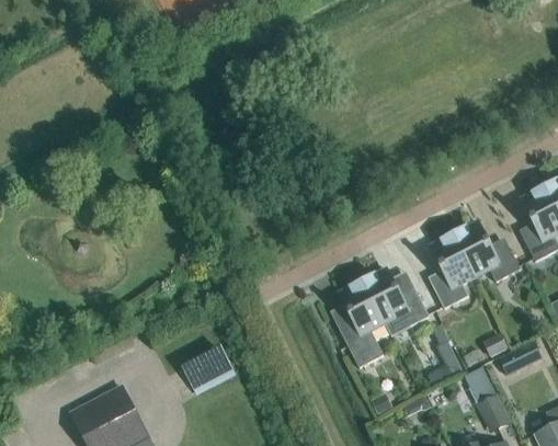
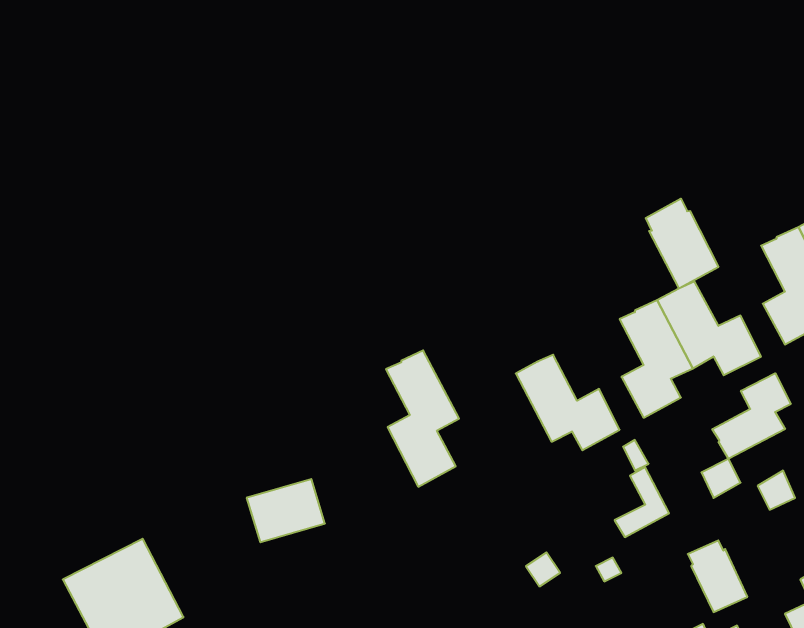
building: none -> [646,199,718,288]
building: none -> [712,373,791,459]
building: [339,279,386,367] -> [386,350,459,487]

